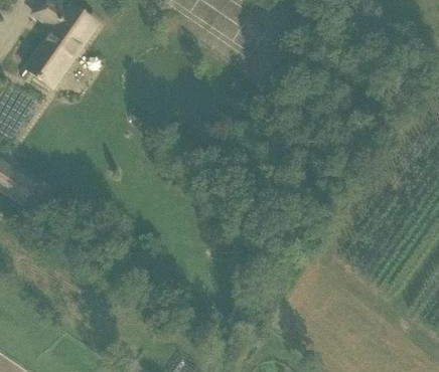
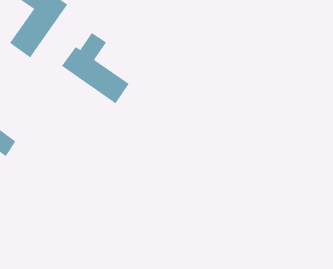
building: none -> [61,32,129,104]

